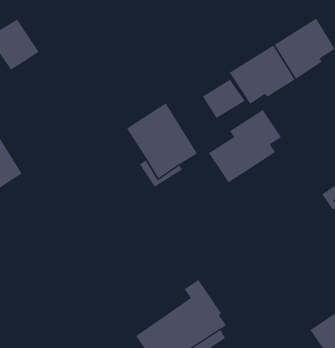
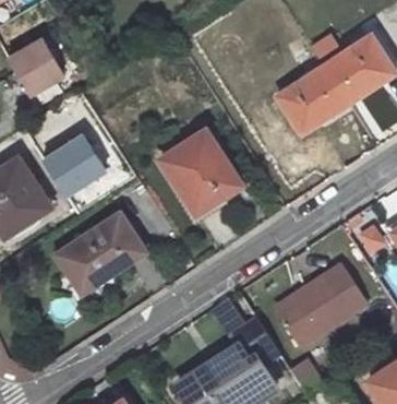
building: [202,79,245,119] -> none
building: none -> [40,131,109,199]
building: [208,109,282,183] -> [276,264,357,345]
building: none -> [56,215,144,294]

